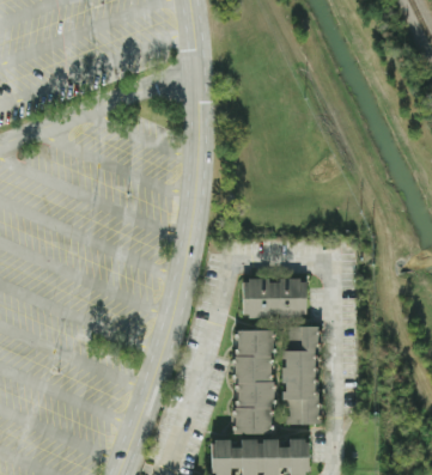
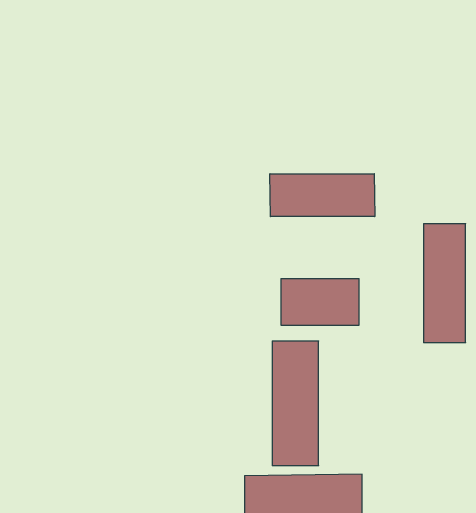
building: none -> [270,174,375,217]
building: [282,325,317,424] -> [424,224,466,343]

